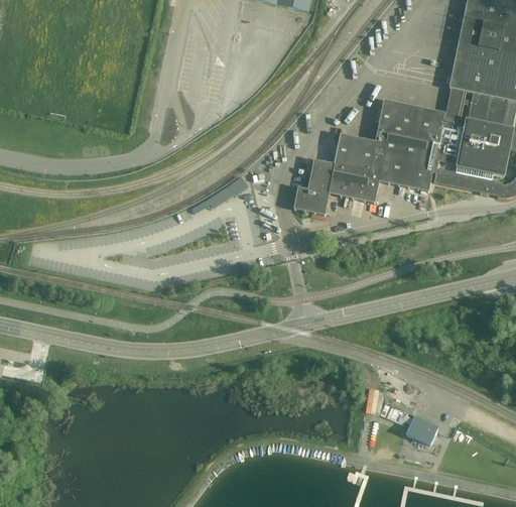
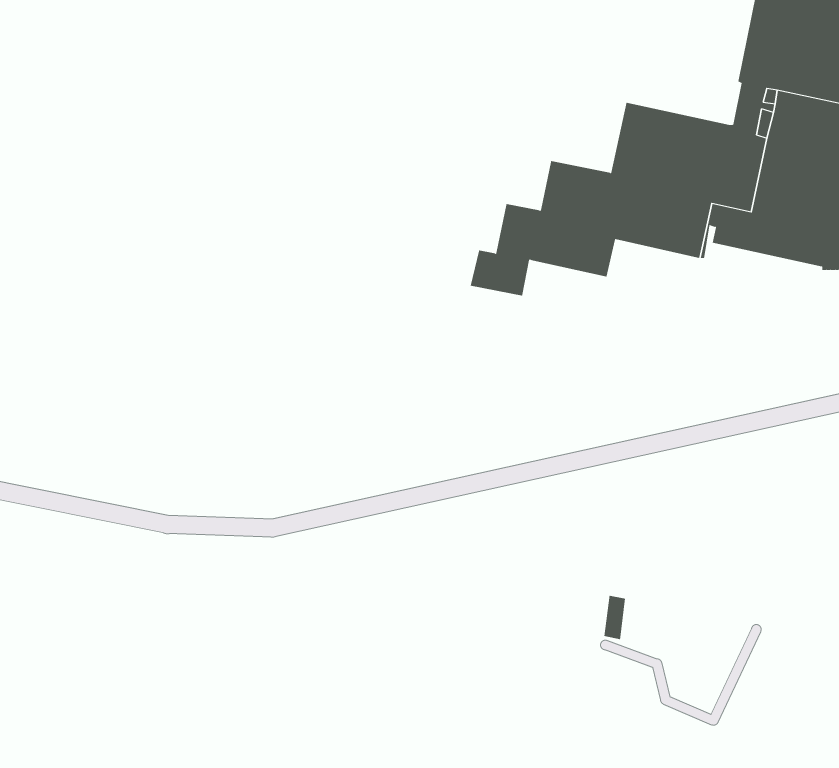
building: [406,414,437,443] -> none

